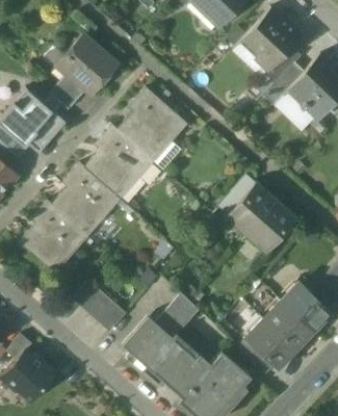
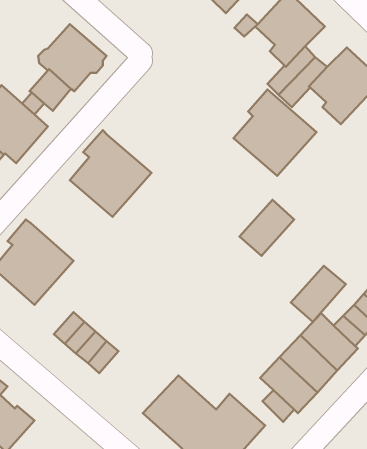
building: [116,87,187,161] -> [233,89,316,176]
building: [51,163,121,237] -> none
building: [248,201,294,249] -> [291,266,346,322]
building: [125,292,198,371] -> none

